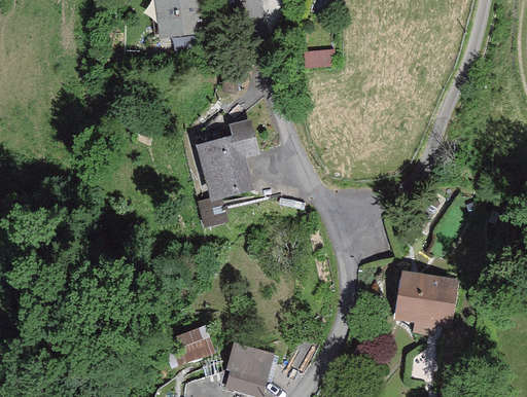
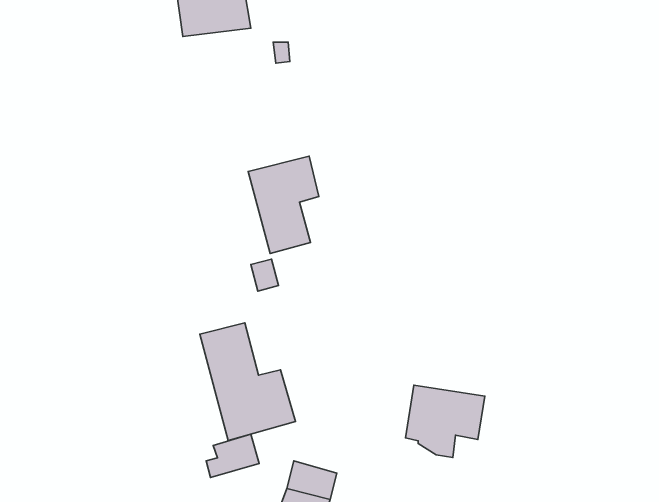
building: none -> [200,323,296,441]
building: [394,279,453,332] -> [406,385,485,457]

